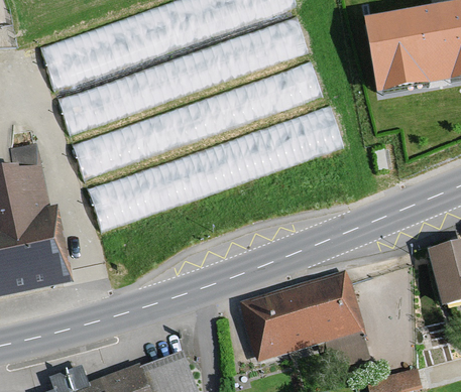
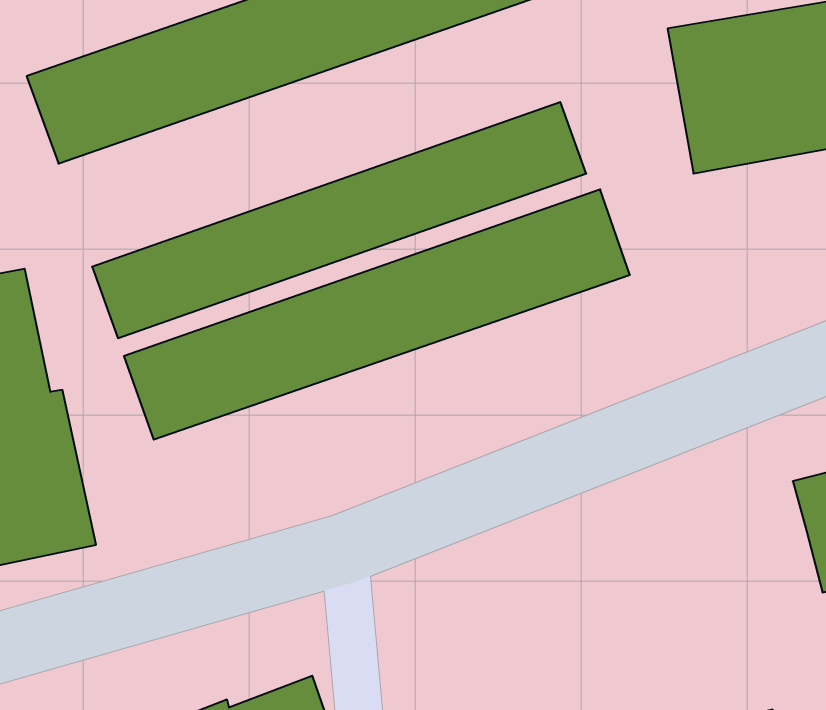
building: [57,15,309,134] -> none
building: [239,271,363,364] -> none

